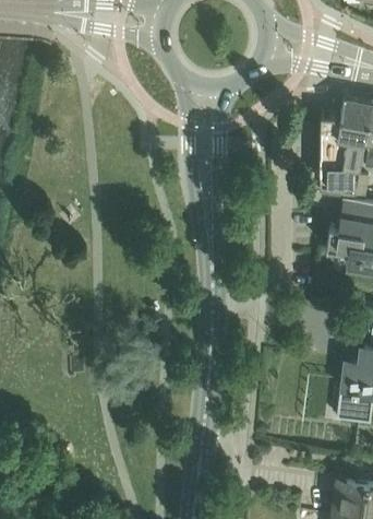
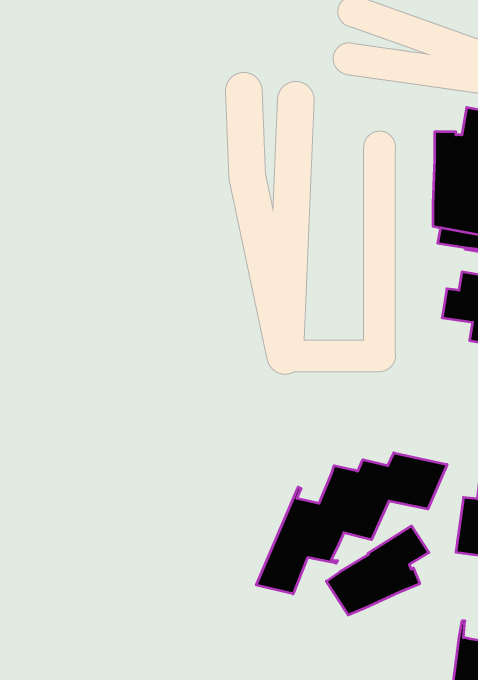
building: none -> [256,453,447,594]
building: none -> [326,526,429,615]

